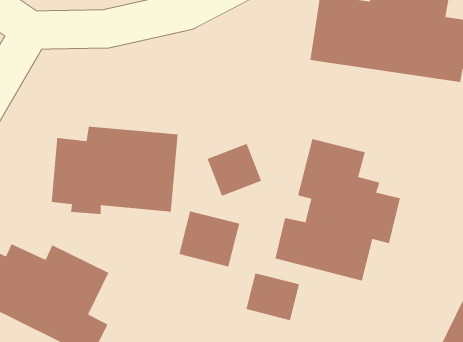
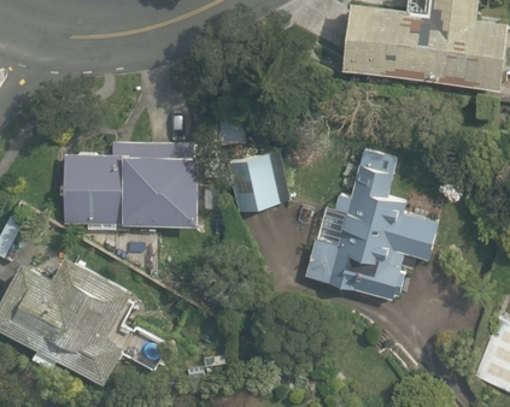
building: [179,210,240,267] -> none
building: [245,272,300,321] -> none

